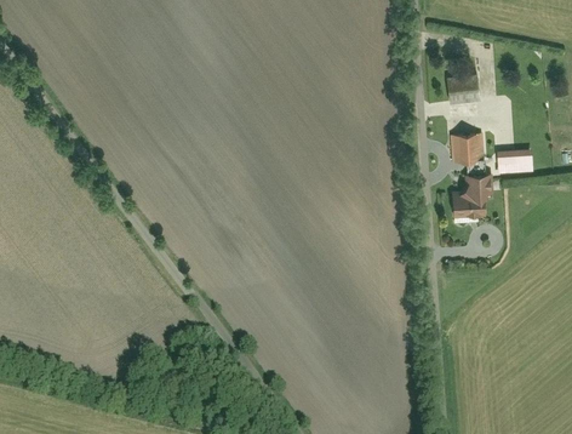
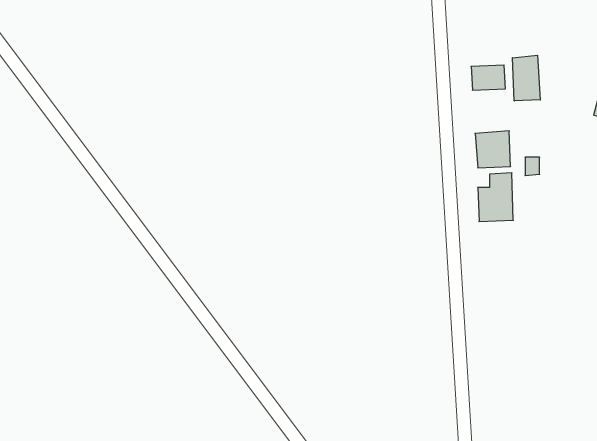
building: none -> [512,55,540,101]

